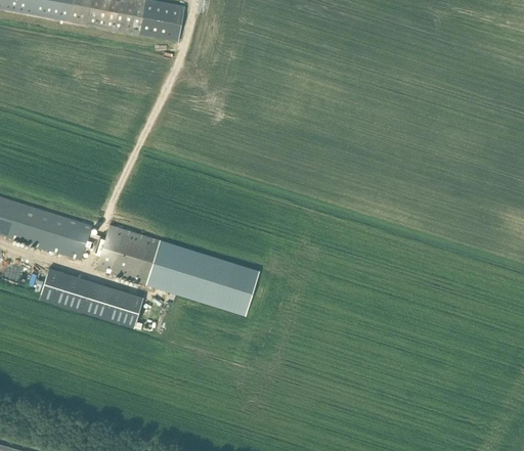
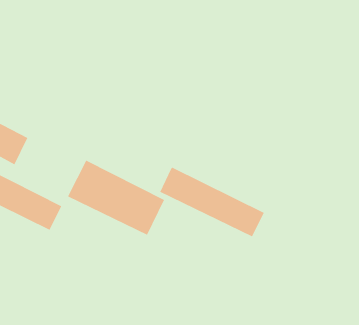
building: [96,224,162,285] -> none
building: none -> [160,167,264,237]

